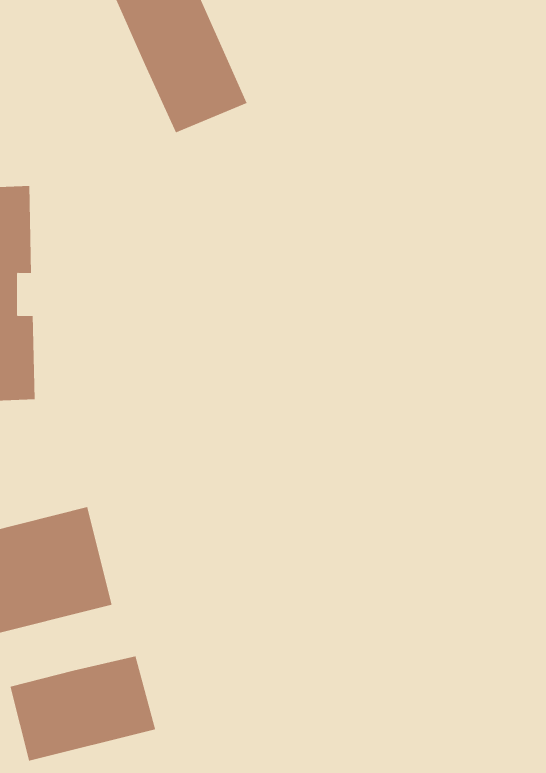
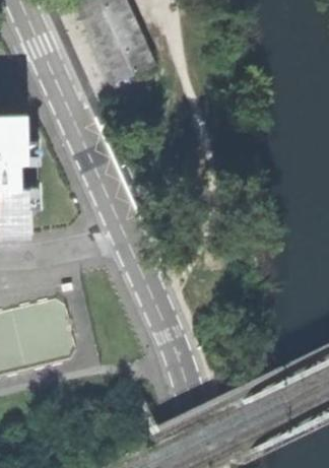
building: [10,655,156,761] -> none

